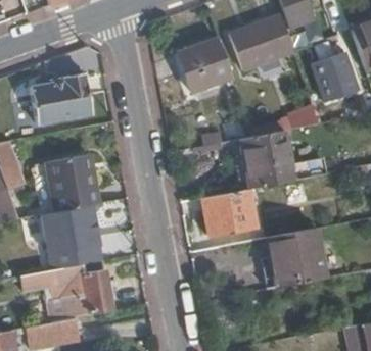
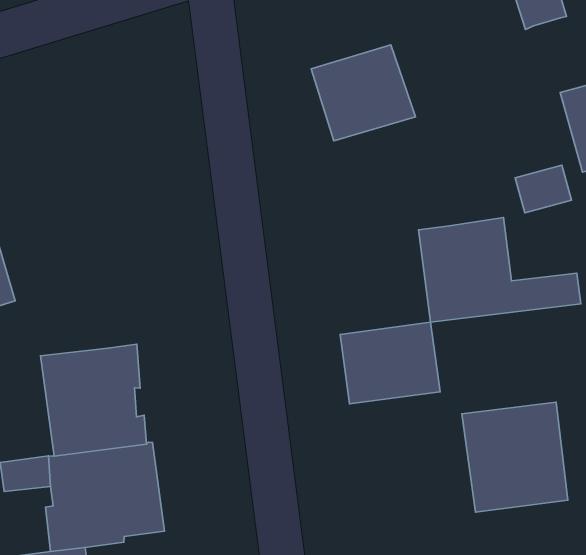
building: [232,18,293,71] -> none
building: [31,72,93,126] -> none
building: [46,155,98,211] -> none

